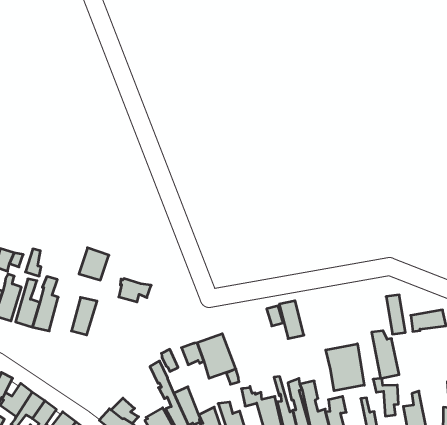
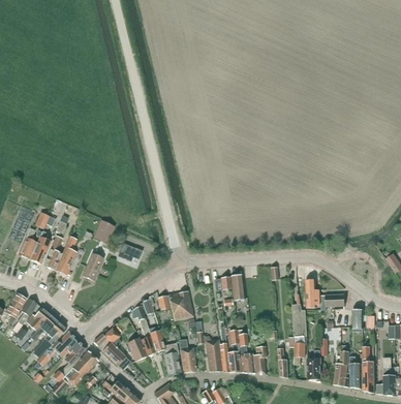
building: [326,344,364,391] -> none

